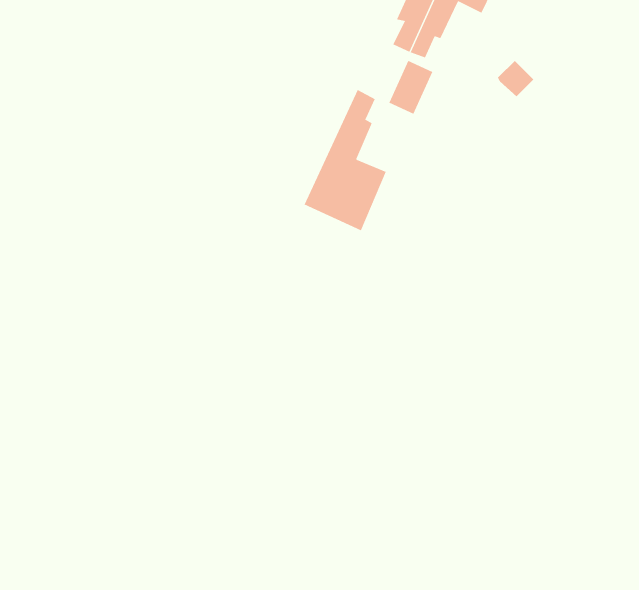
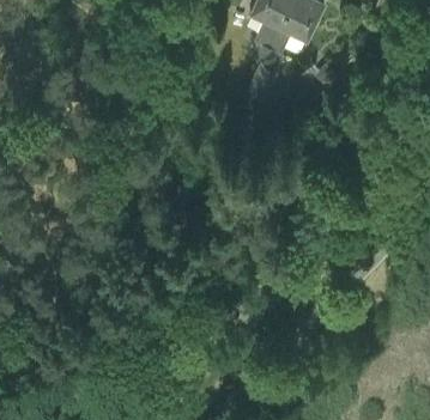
building: [304,89,386,231] -> none

